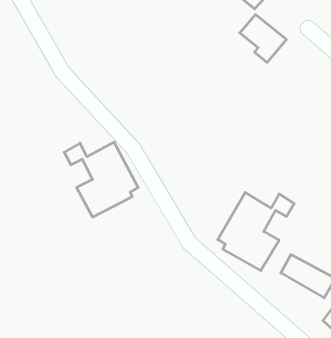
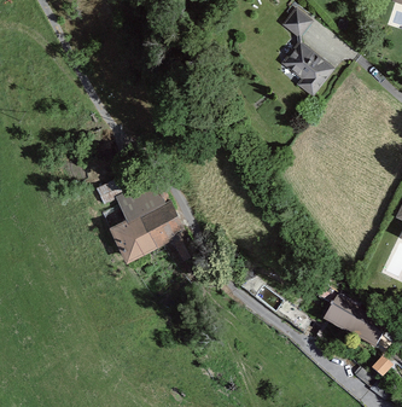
building: [218,192,294,271] -> none

